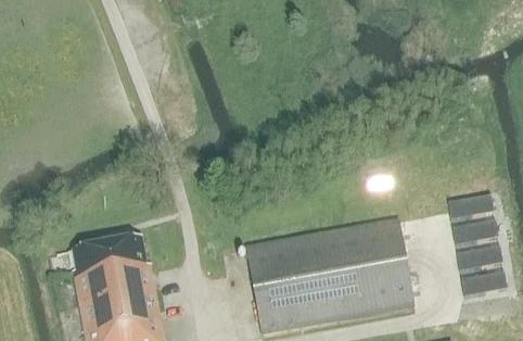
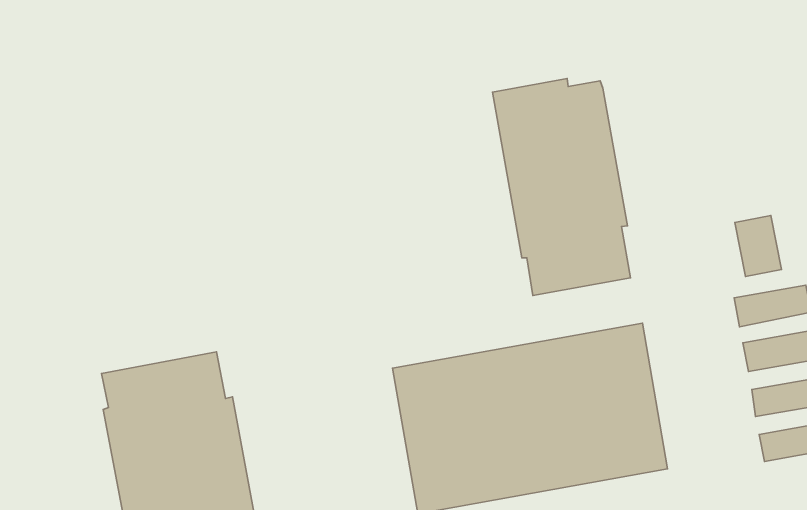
building: none -> [492,78,630,295]
building: none -> [735,215,782,276]

